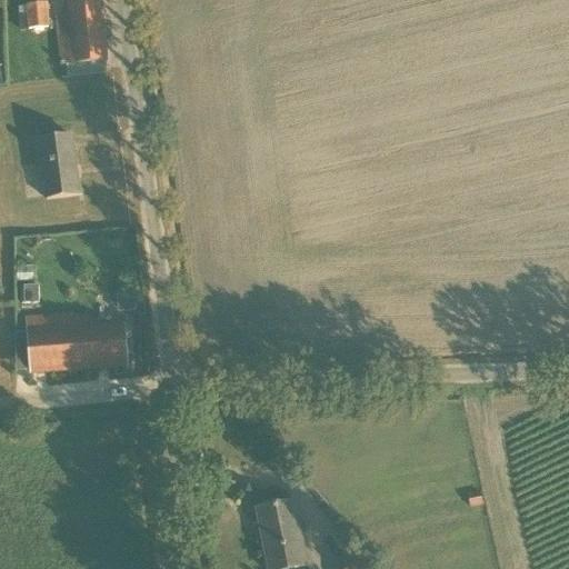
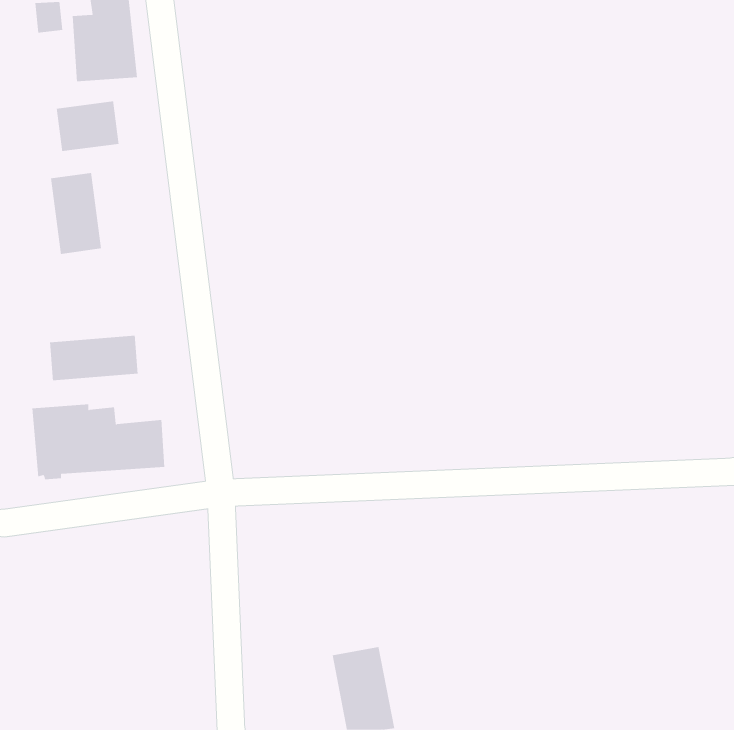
building: none -> [56,100,119,152]
building: none -> [49,335,138,381]

